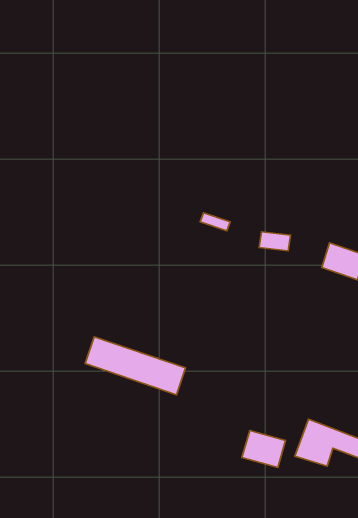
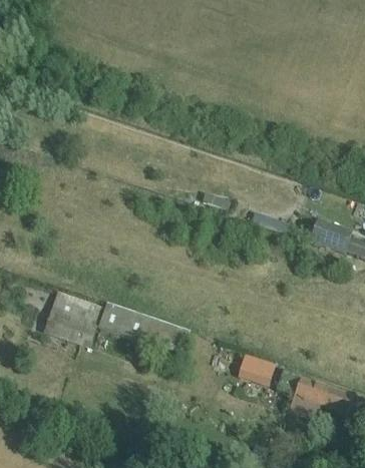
building: none -> [42,293,101,346]
building: [242,431,286,467] -> [240,352,279,385]

